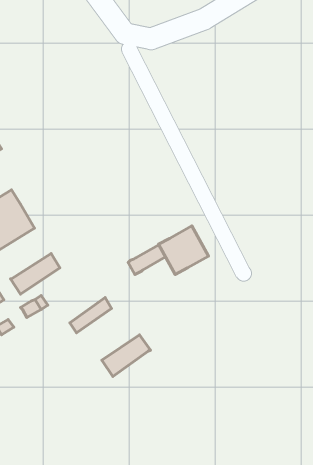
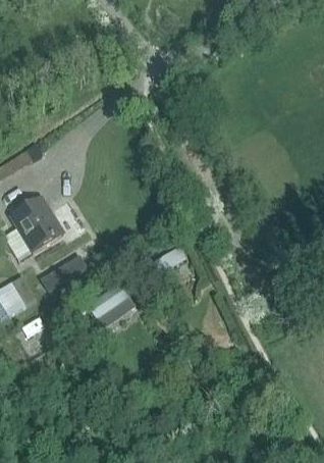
building: [159,226,208,274] -> none
building: [102,335,150,377] -> [87,280,131,319]

